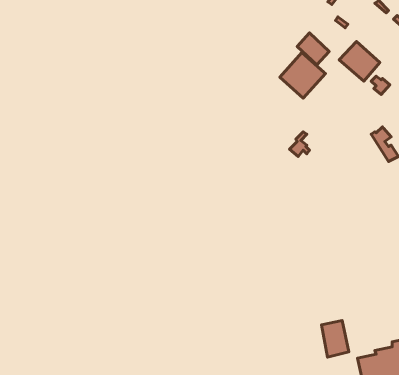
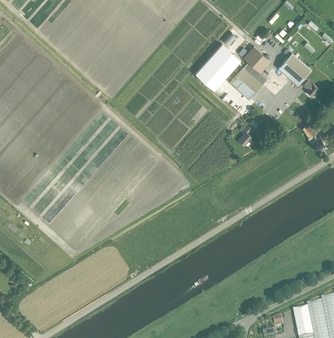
building: none -> [195,42,241,89]
building: [321,321,349,357] -> none

